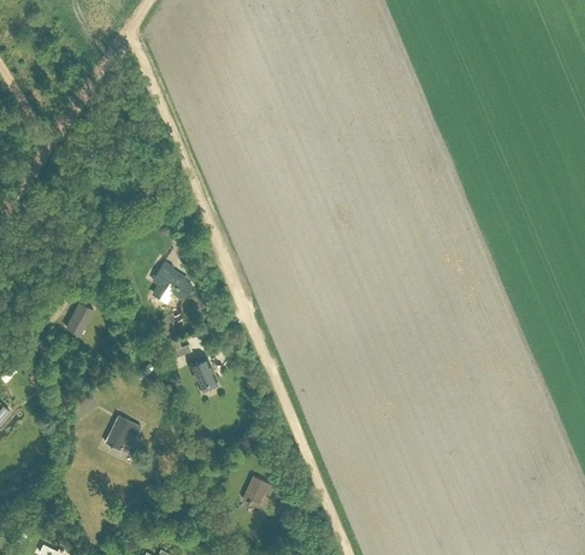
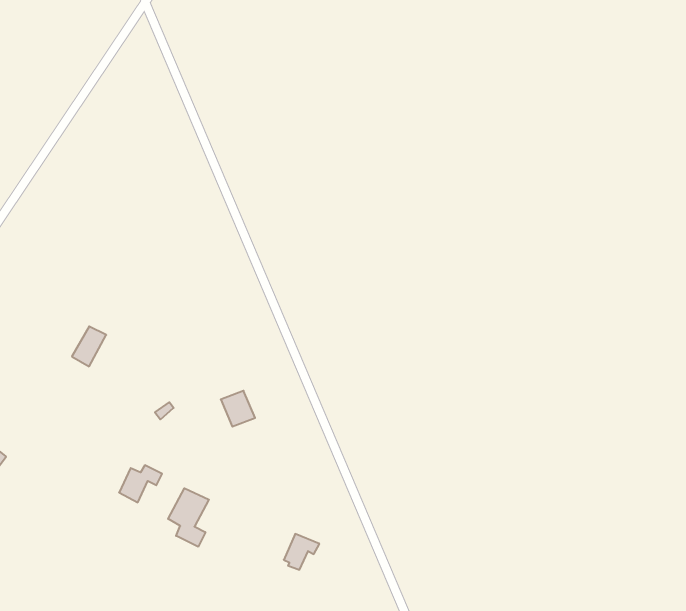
building: [152,261,193,303] -> none
building: none -> [168,488,209,547]

